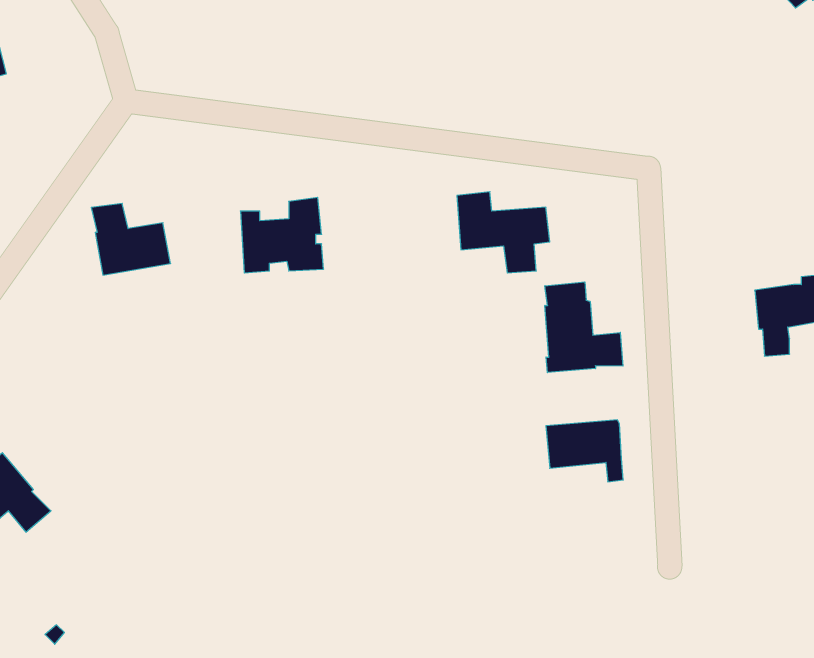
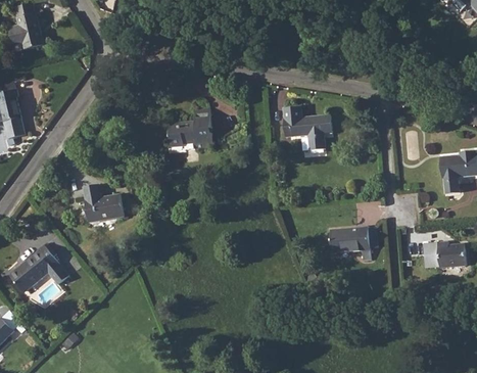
building: [91,203,171,275] -> [83,184,125,222]
building: [545,282,623,373] -> none
building: none -> [422,242,467,268]

